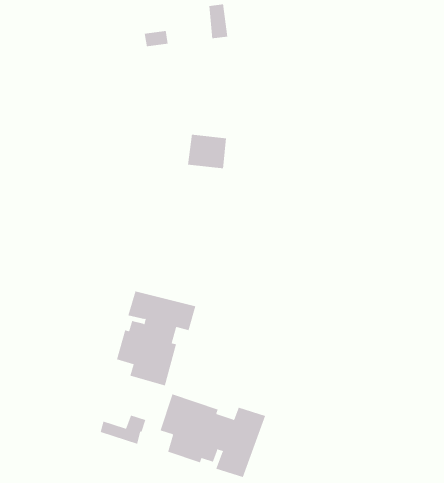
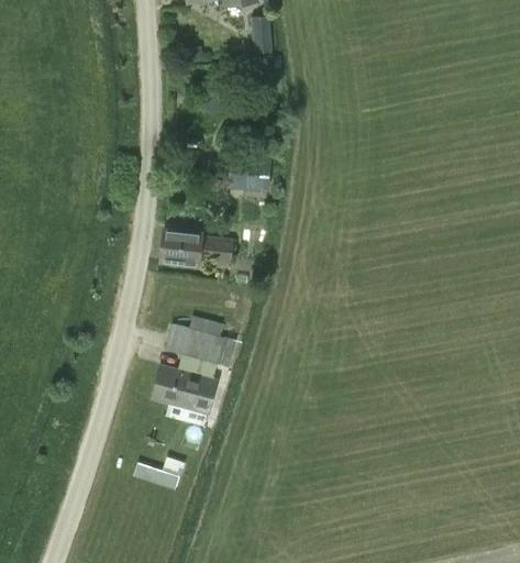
building: none -> [159,228,233,266]
building: [160,394,266,478] -> none

